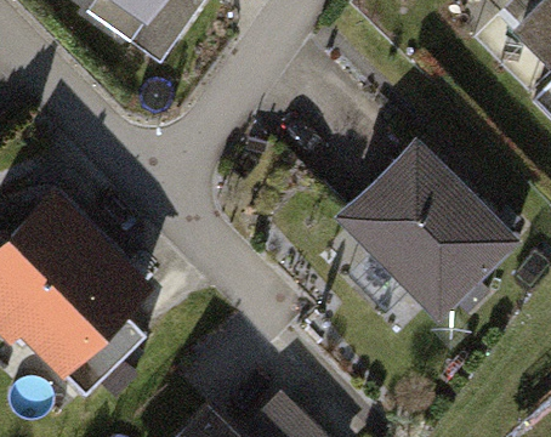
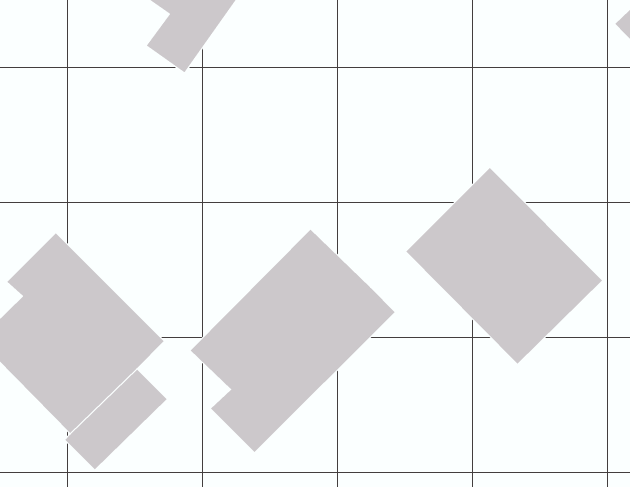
building: none -> [190,229,395,453]

